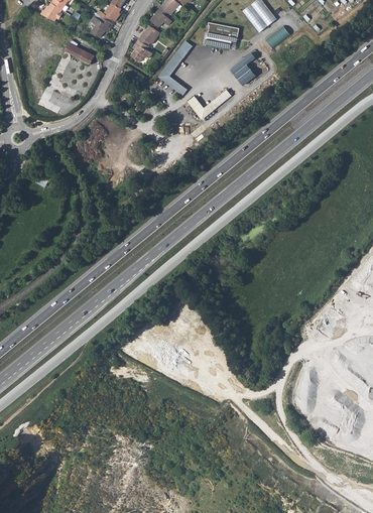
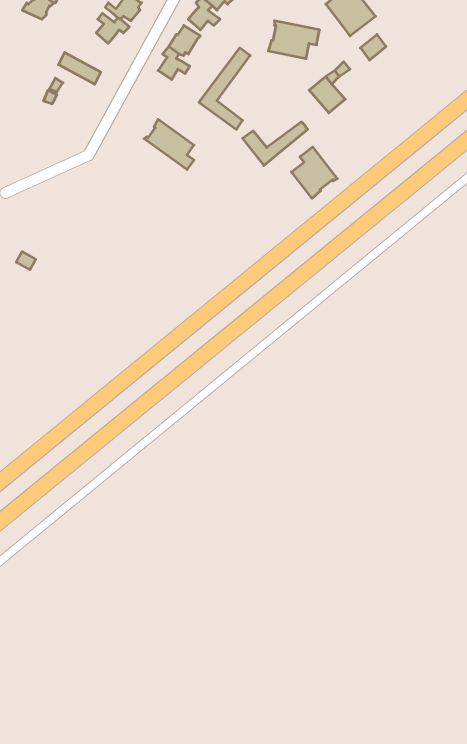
building: none -> [144,119,194,170]
building: none -> [291,147,337,198]

